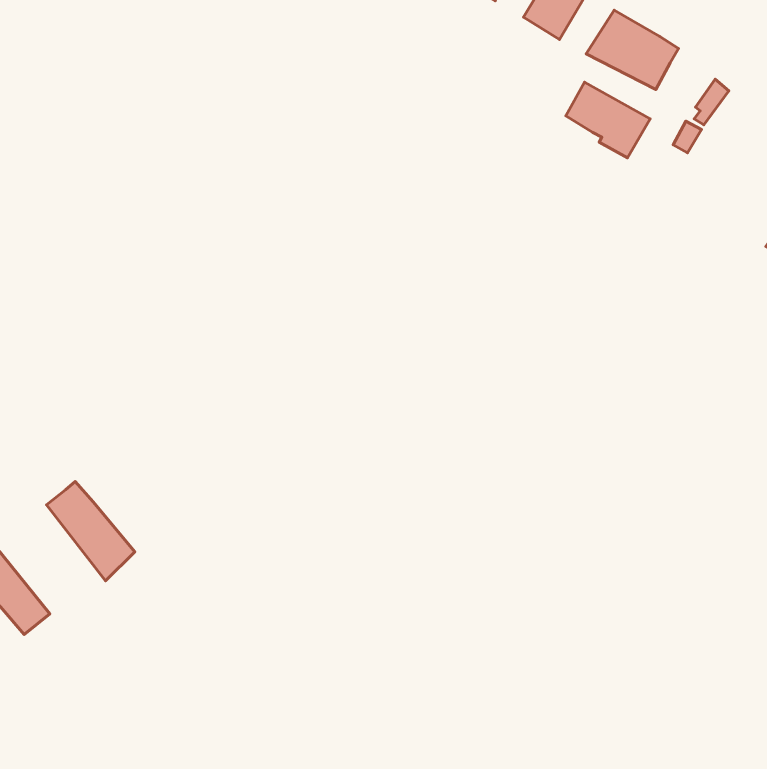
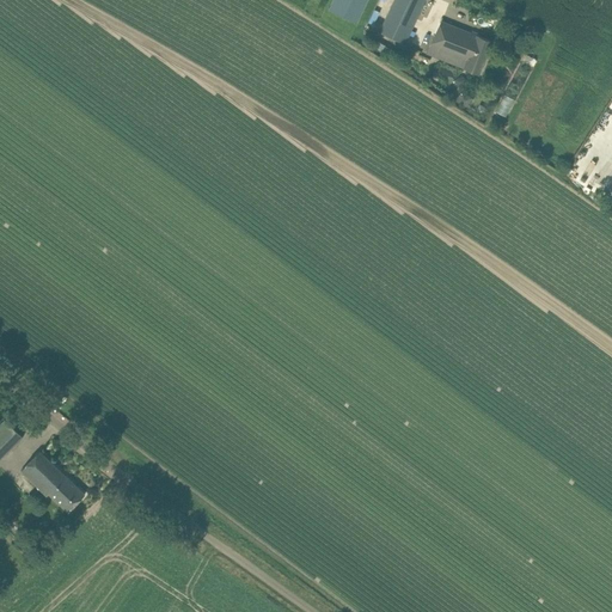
building: [566,82,650,158] -> none
building: [46,481,135,581] -> none

